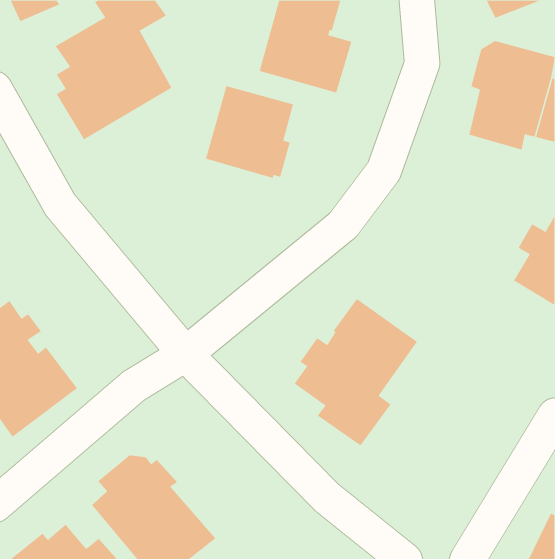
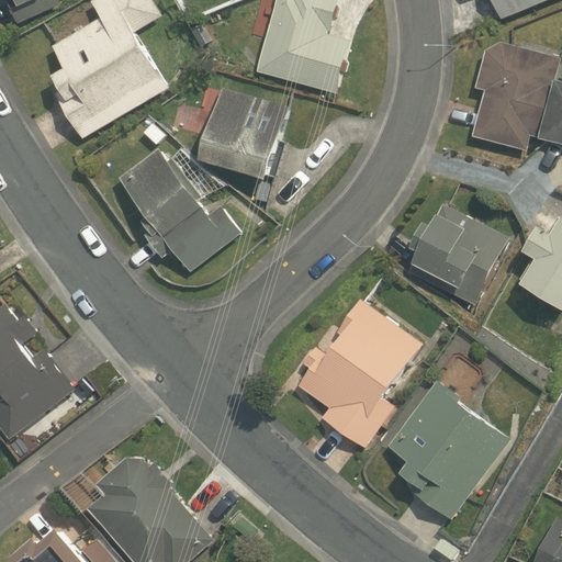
building: none -> [122,149,246,273]
building: none -> [404,201,507,303]
building: none -> [384,379,507,519]

